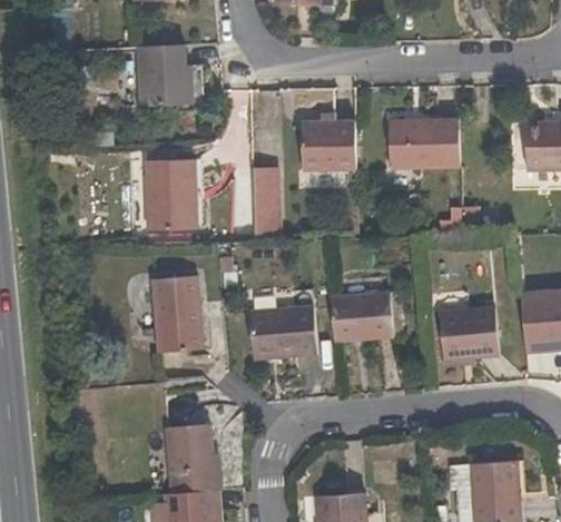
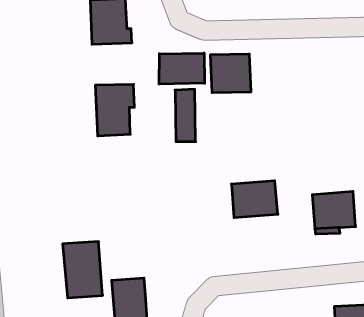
building: [388,117,461,171] -> none
building: none -> [159,53,205,84]
building: [150,276,205,353] -> [63,242,103,298]
building: [249,306,315,357] -> none

